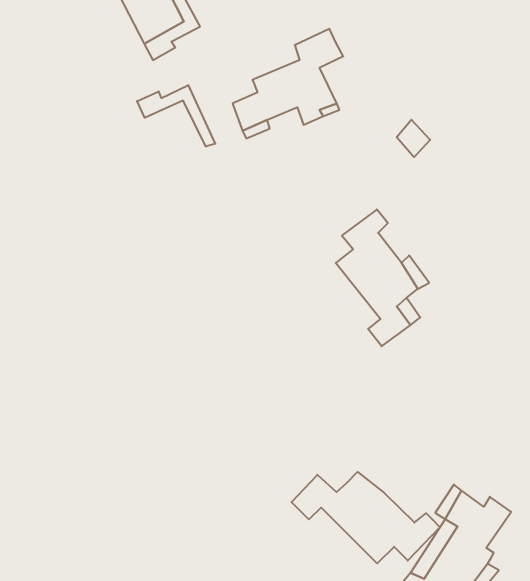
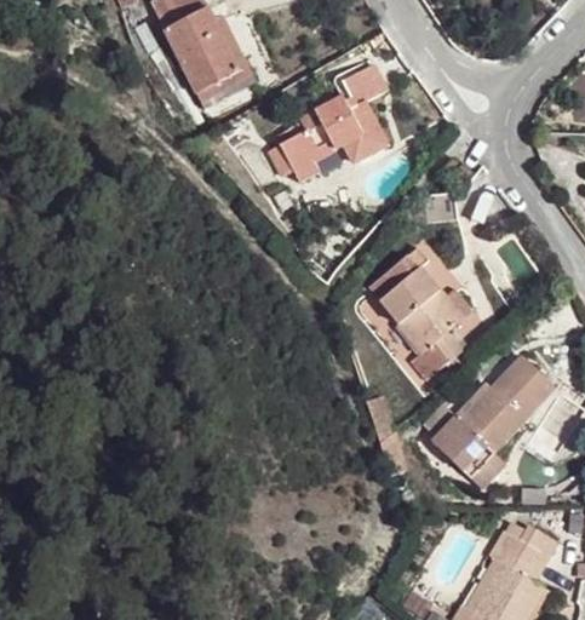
building: [137,85,215,147] -> none
building: none -> [434,360,554,489]
building: [291,472,440,563] -> none

